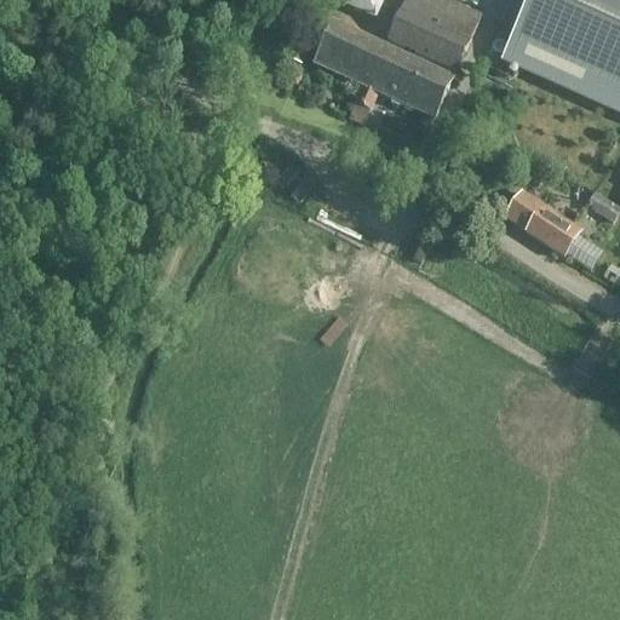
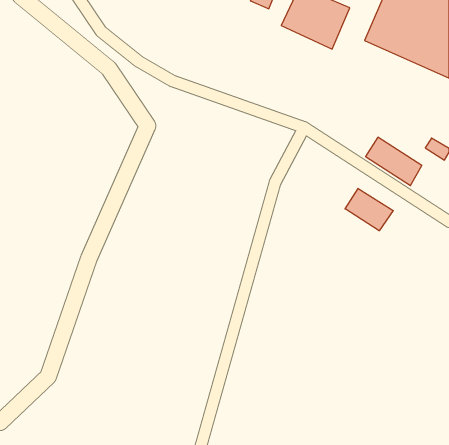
building: [314,18,454,121] -> none
building: none -> [345,188,393,231]

